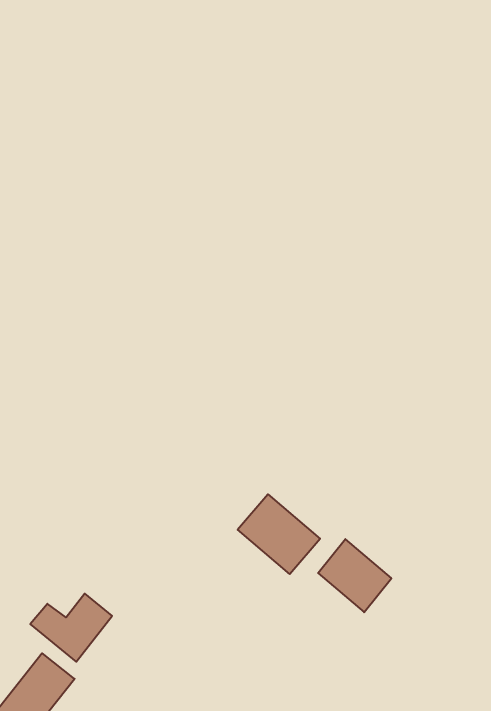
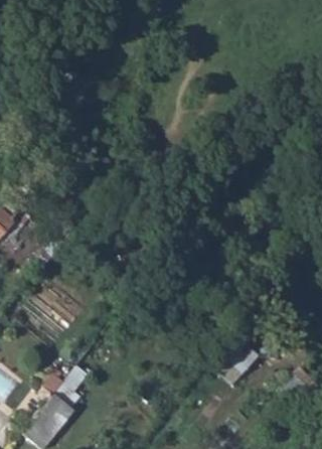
building: [238,494,320,574] -> none

